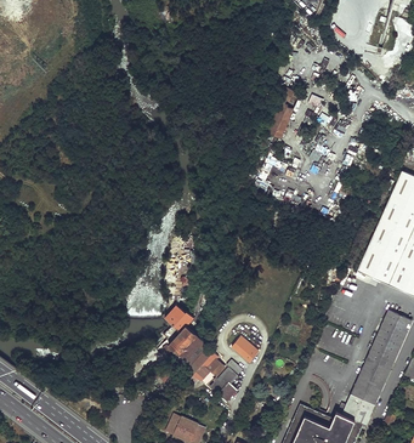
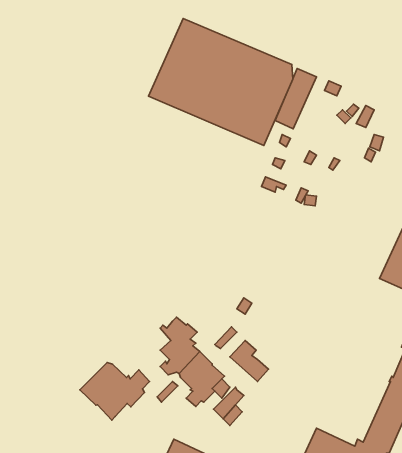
building: none -> [149,18,293,146]
building: none -> [80,362,149,420]

